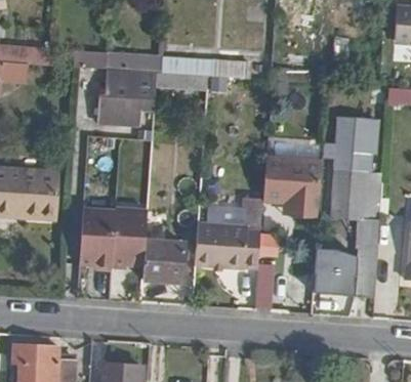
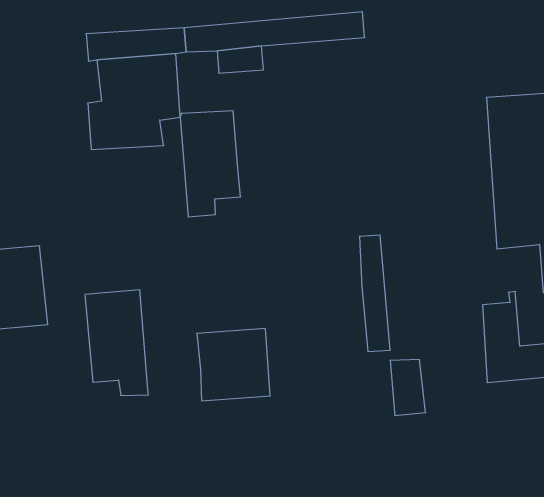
building: [262,159,323,208] -> none
building: [112,205,148,267] -> [180,111,241,217]
building: [195,220,247,267] -> none

